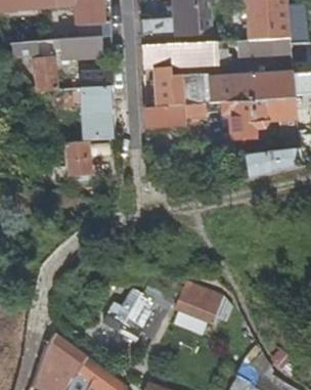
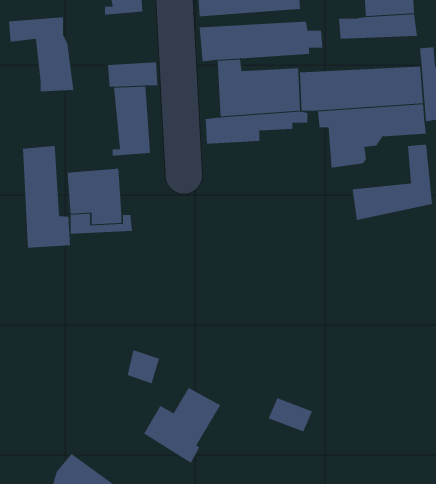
building: [53,36,102,58] -> none
building: none -> [22,145,70,248]

